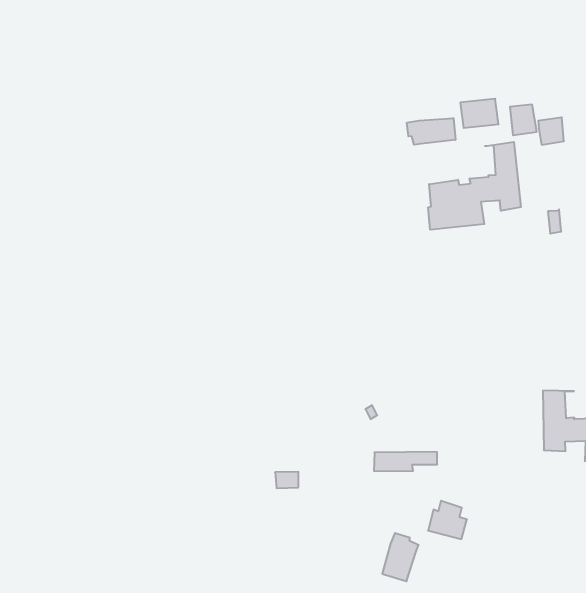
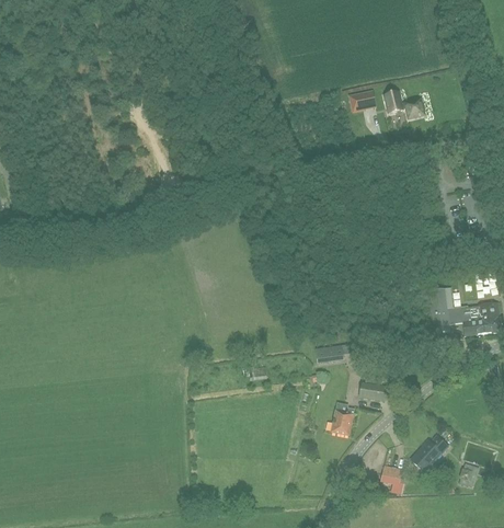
building: [407,118,455,145] -> none
building: [428,142,521,230] -> none

